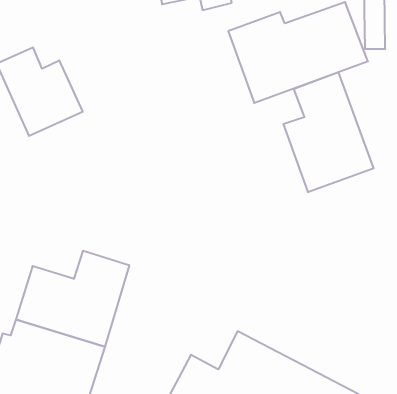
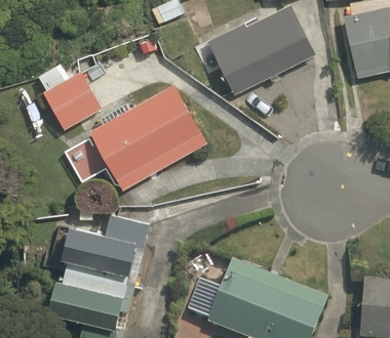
building: [283,72,374,192] -> none
building: none -> [91,86,204,192]

